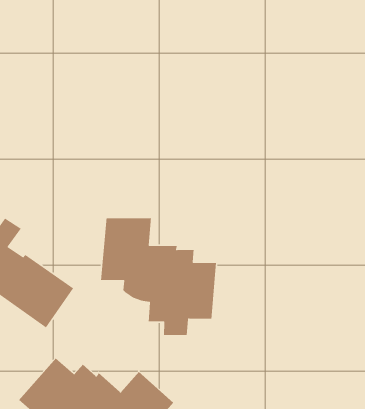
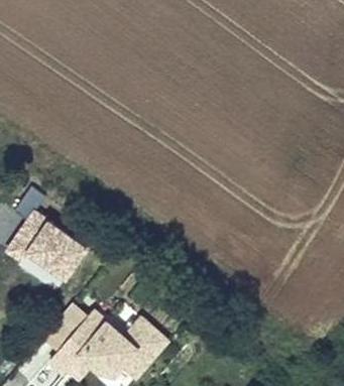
building: [100,217,217,336] -> none

